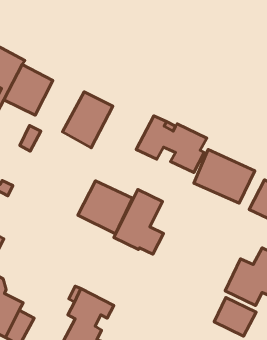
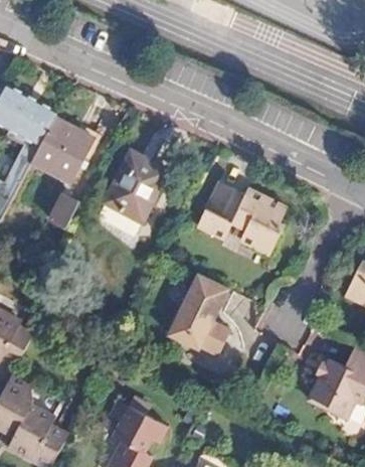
building: [194,149,255,203] -> none
building: [78,181,132,234] -> none
building: [214,298,256,336] -> none

